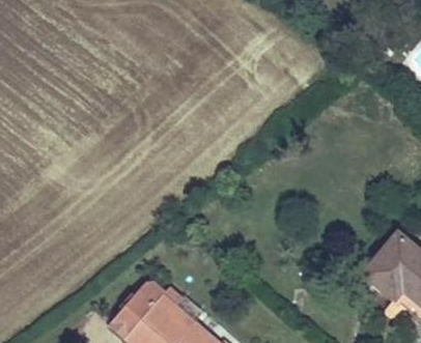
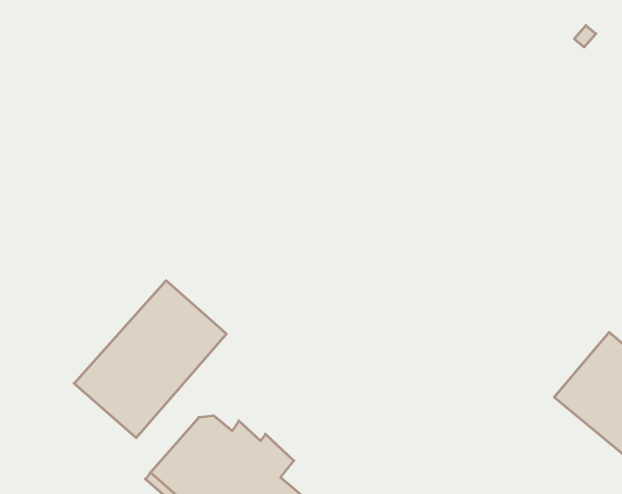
building: none -> [74,281,226,438]

